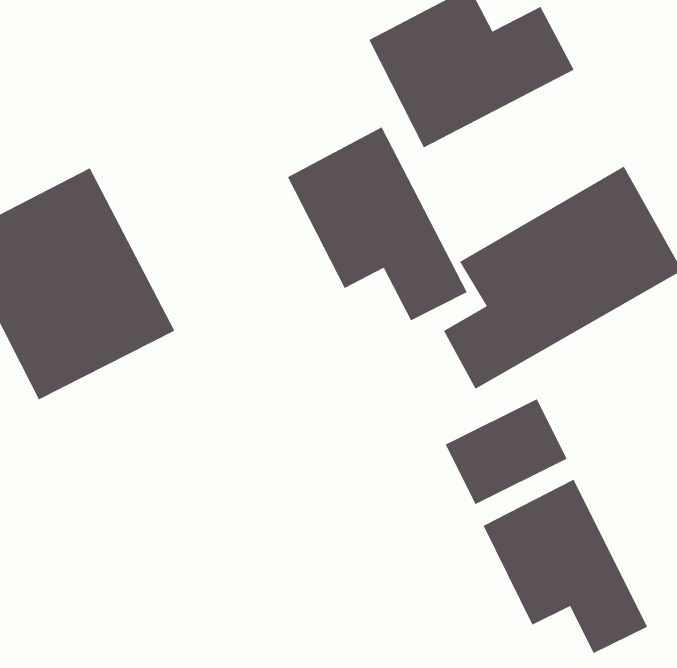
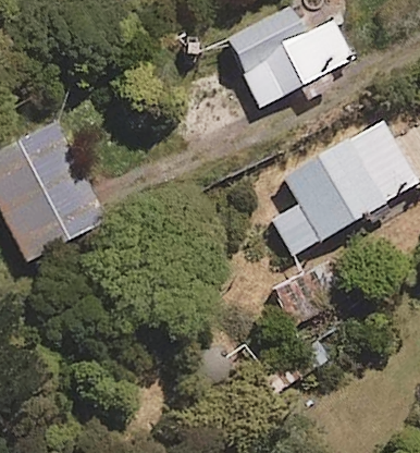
building: [287,127,468,321] -> none
building: [483,479,648,654] -> none

